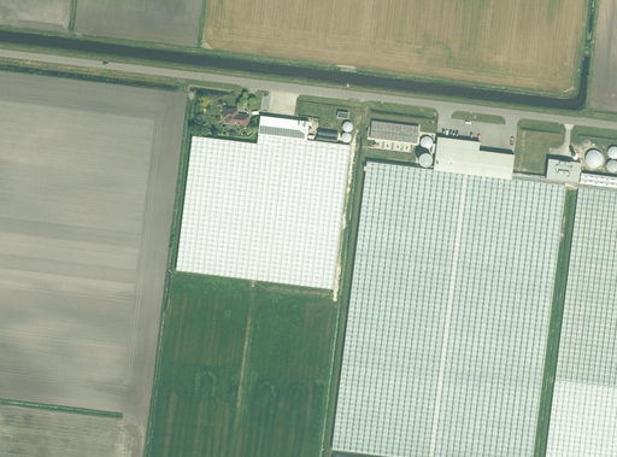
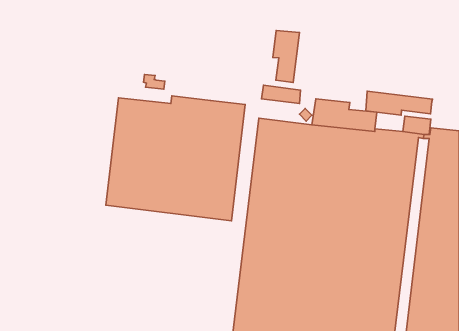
building: none -> [273,30,300,83]
building: [258,116,308,140] -> none
building: none -> [366,91,433,115]

